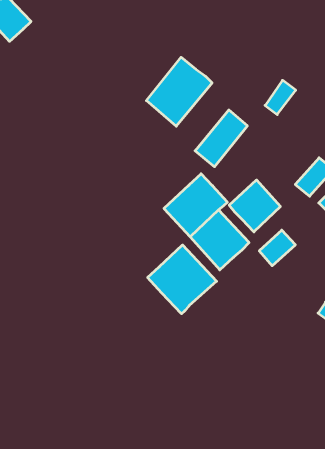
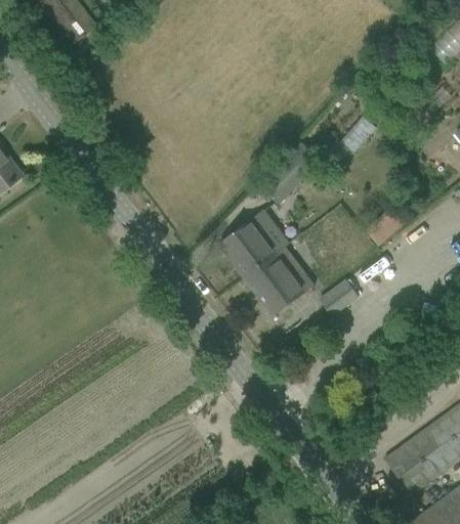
building: [146,57,212,126] -> none
building: [229,180,280,232] -> none
building: [148,245,217,314] -> none

